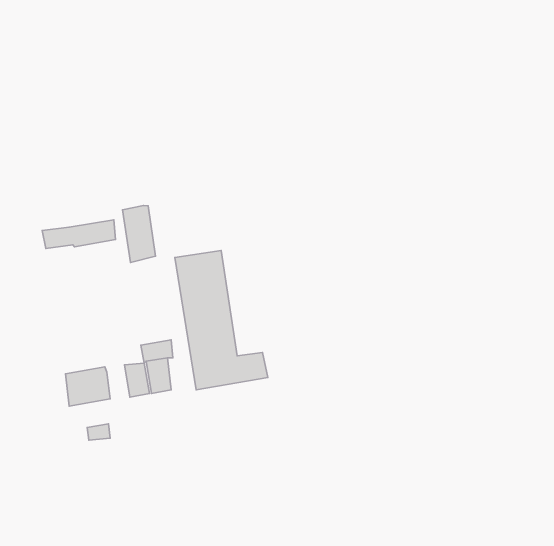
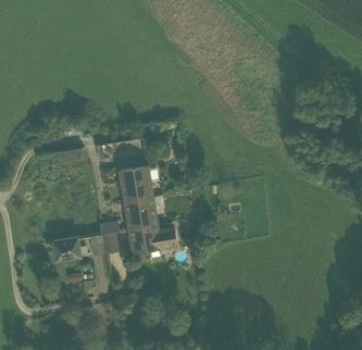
building: [123,205,155,263] -> none

